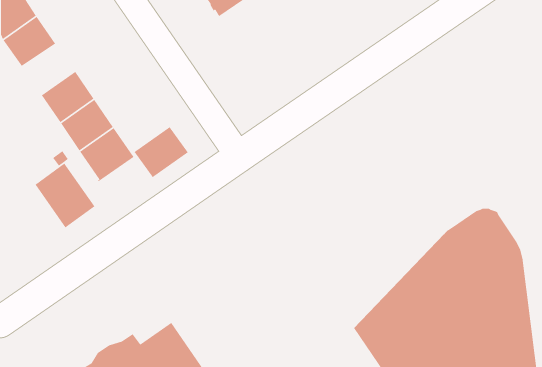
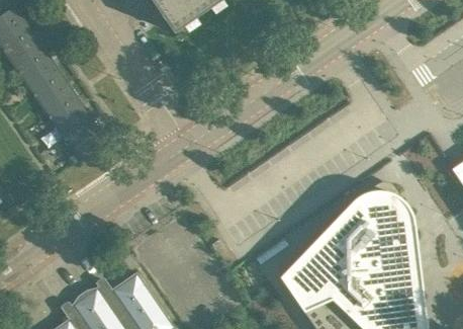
building: none -> [17,51,60,91]
building: [133,126,189,178] -> none
building: [34,163,95,228] -> none

